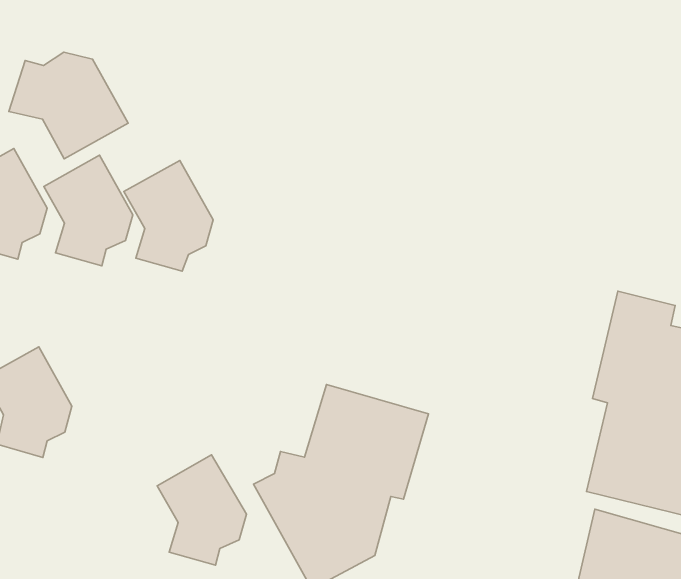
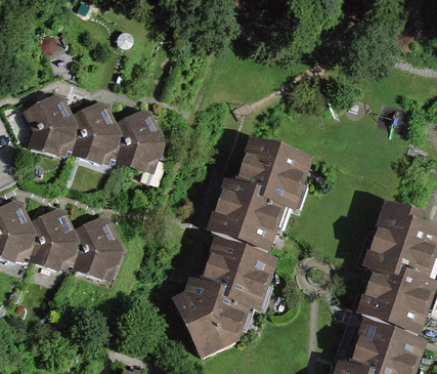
building: [9,52,128,159] -> none
building: none -> [215,137,309,246]
building: [157,455,246,565] -> [72,216,121,279]

